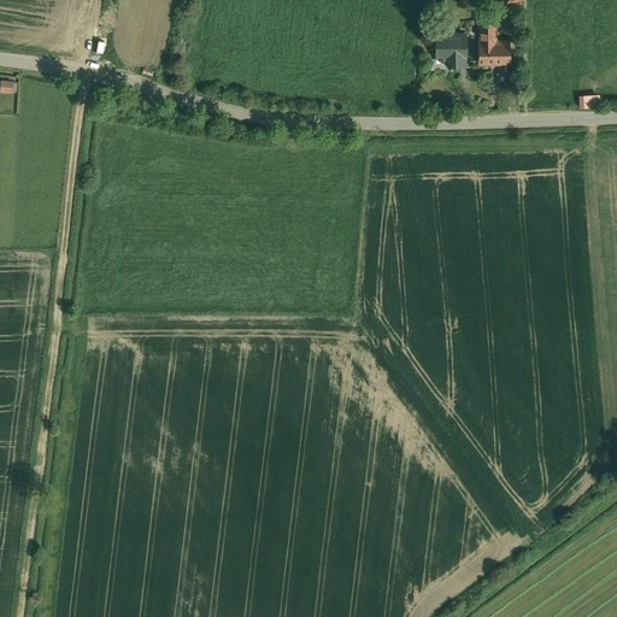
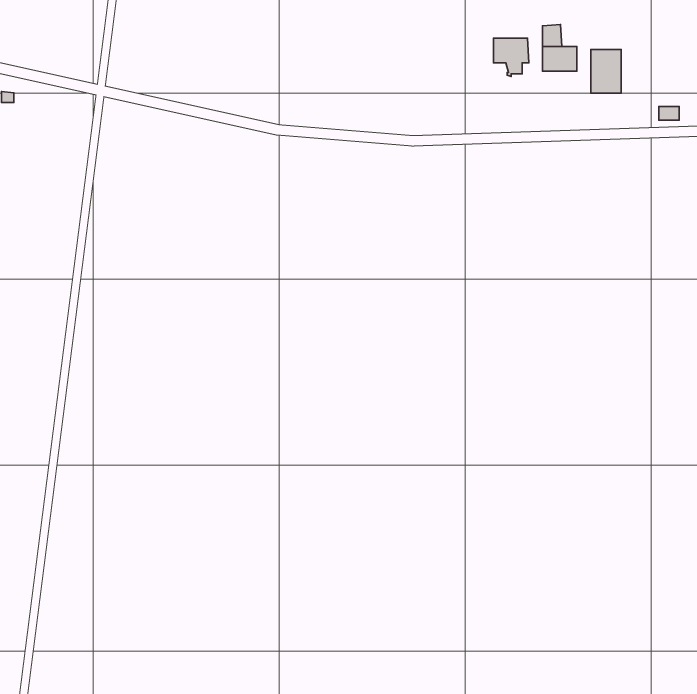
building: none -> [591,50,621,93]

